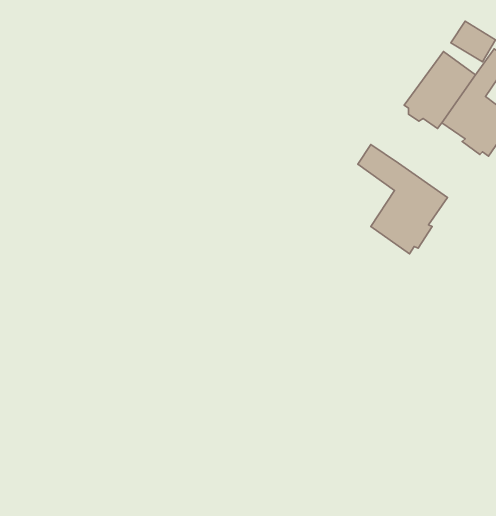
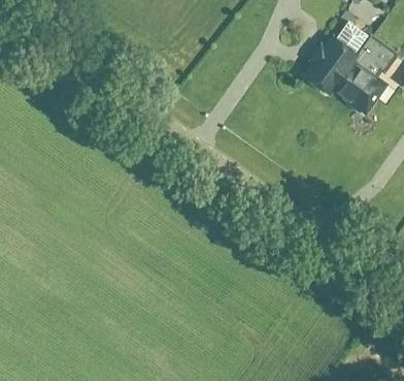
building: [358,145,448,254] -> none

